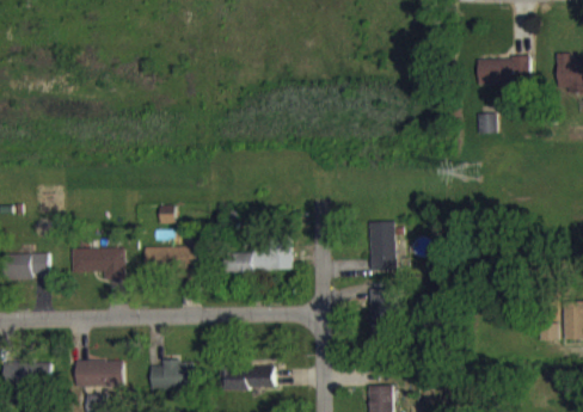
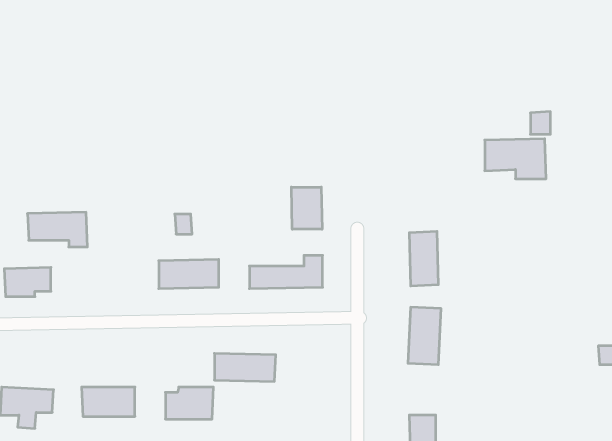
building: [475,56,530,92] -> [485,139,546,179]
building: none -> [291,187,322,229]
building: [70,247,124,278] -> [27,212,87,247]
building: [220,365,275,391] -> [214,353,276,381]

